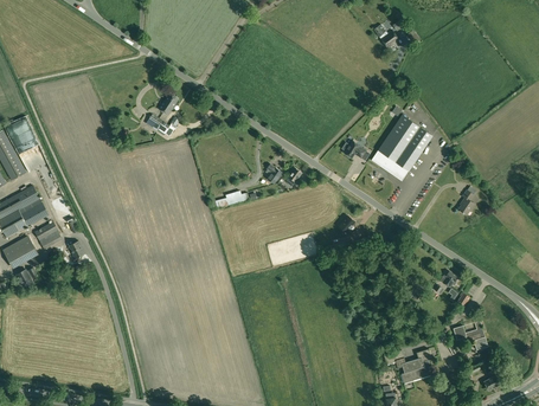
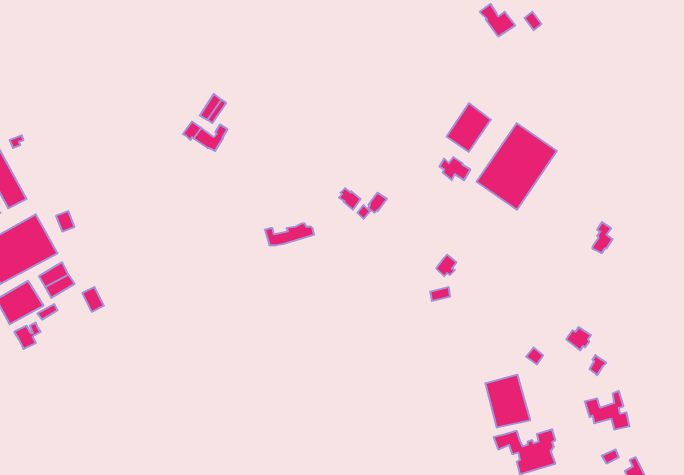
building: none -> [447,103,491,152]
building: none -> [485,375,530,428]

